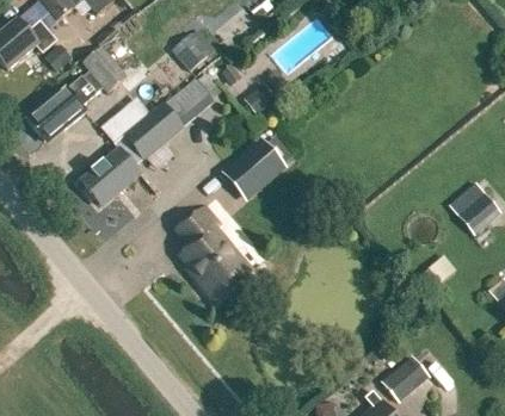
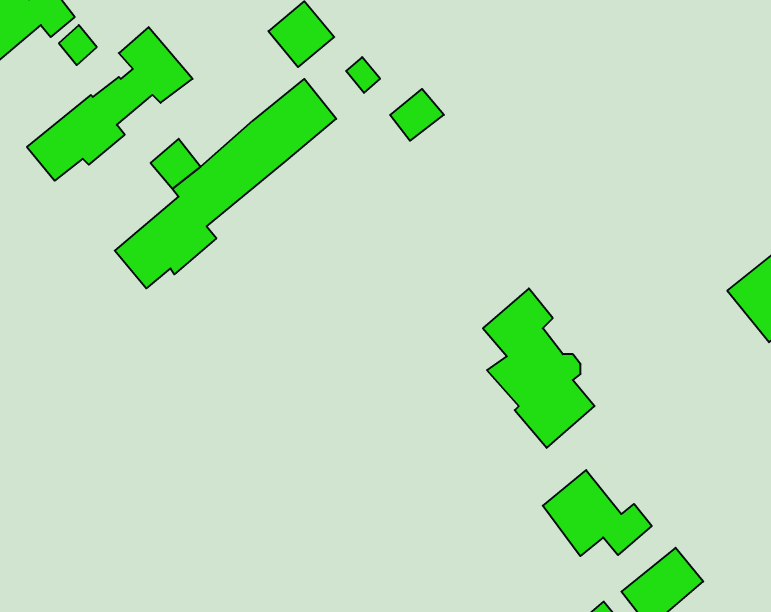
building: [218,139,284,203] -> none
building: [178,205,245,300] -> [483,288,595,448]
building: none -> [543,470,652,556]

